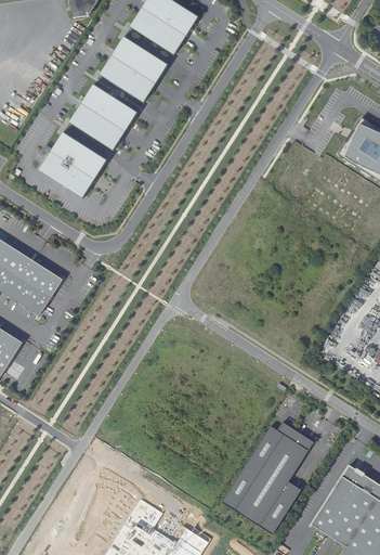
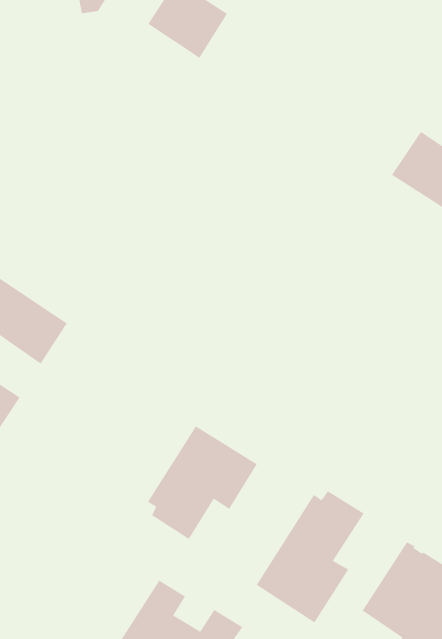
building: [101,35,169,101] -> none
building: [70,81,139,147] -> none
building: [40,129,108,196] -> none
building: none -> [147,426,258,540]

